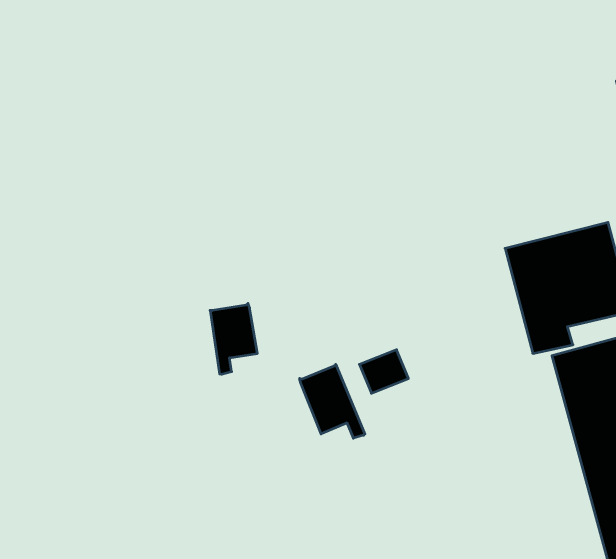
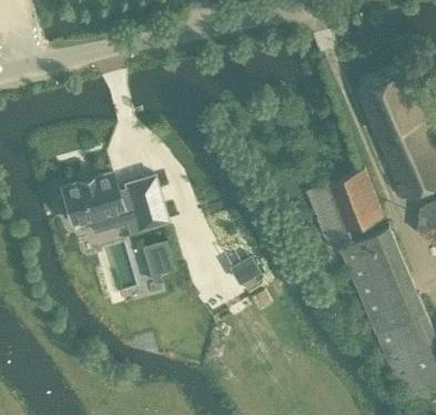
building: none -> [61,173,162,233]
building: [300,364,365,438] -> none

